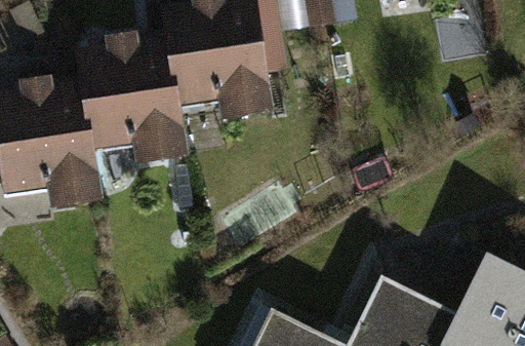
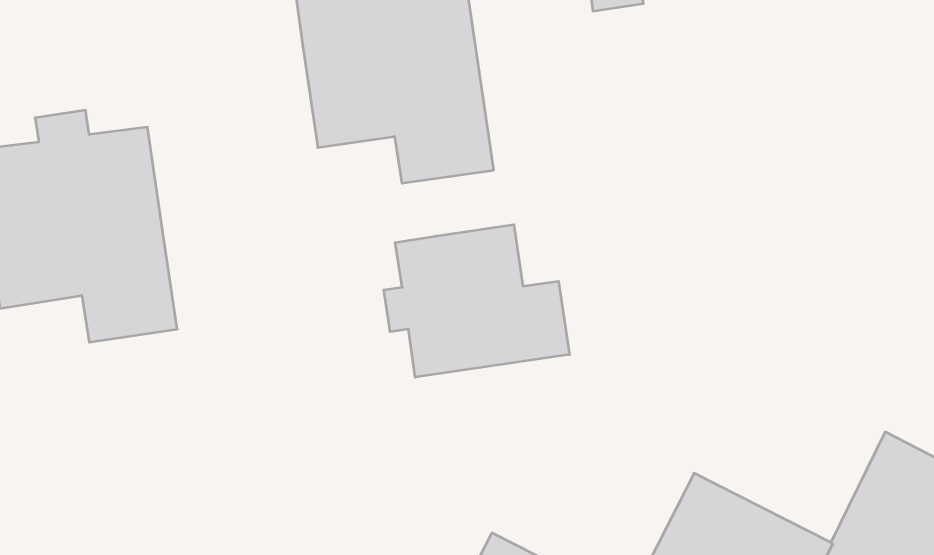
building: [79,37,187,164] -> none
building: none -> [384,225,570,377]

